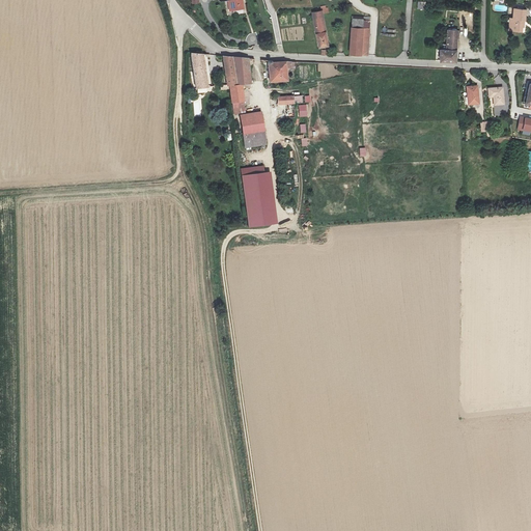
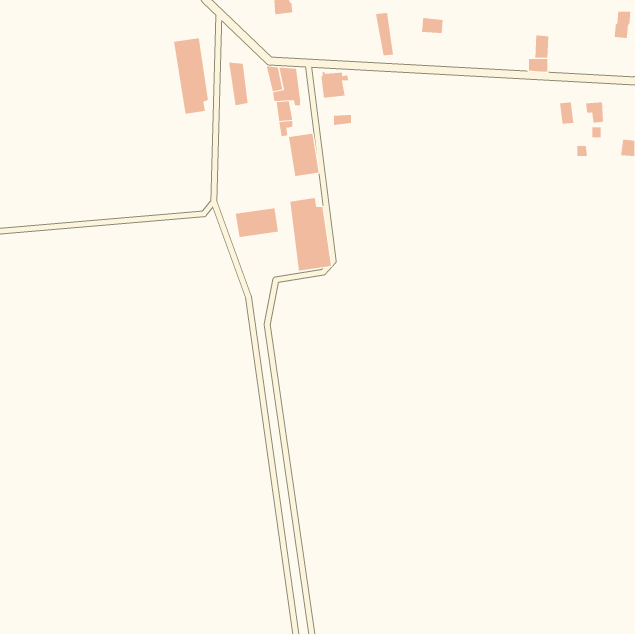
building: [350,27,369,54] -> none
building: none -> [173,38,209,114]
building: none -> [235,207,278,238]

